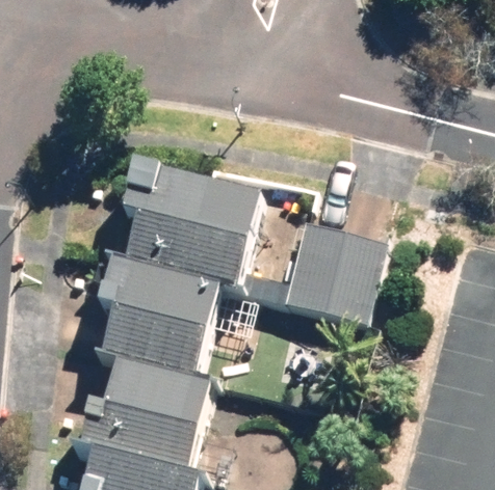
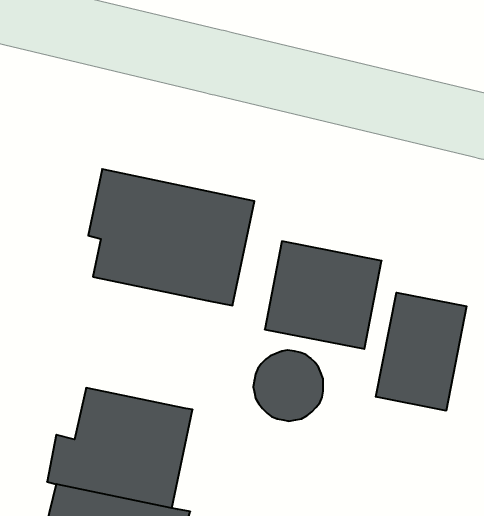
building: [97,256,226,379] -> none
building: none -> [376,293,467,411]

